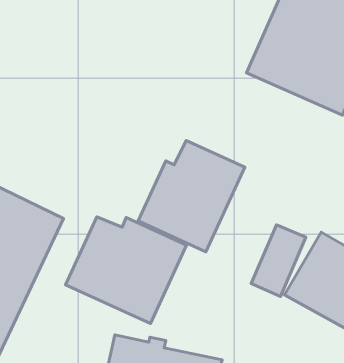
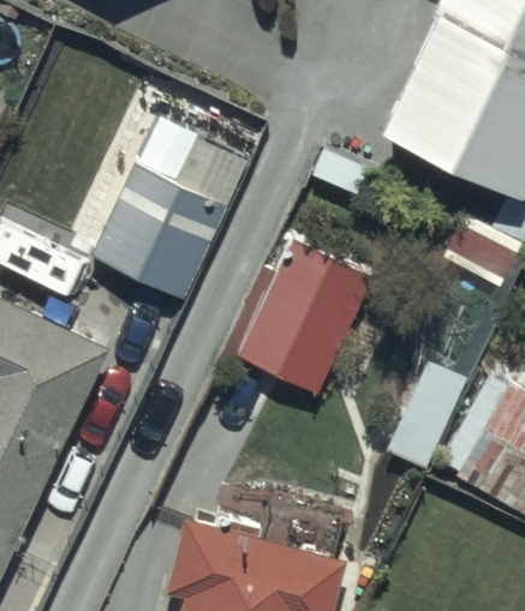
building: none -> [90,115,252,305]
building: [66,217,187,324] -> none

